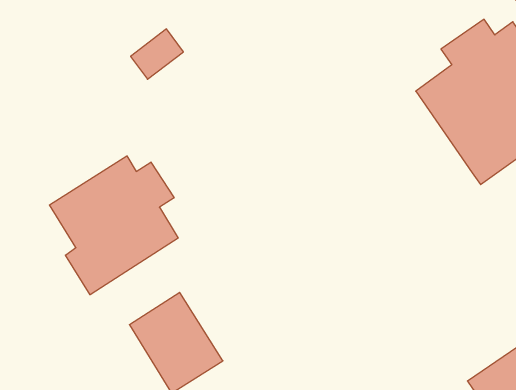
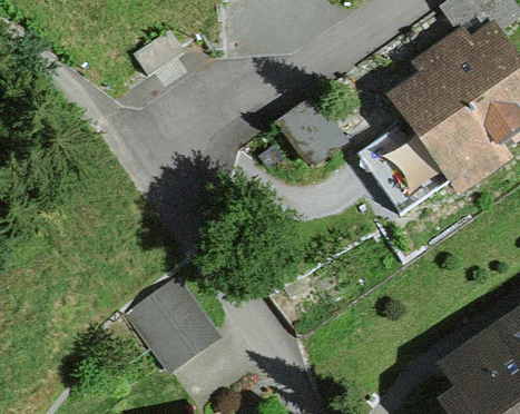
building: [49,156,178,295] -> none

